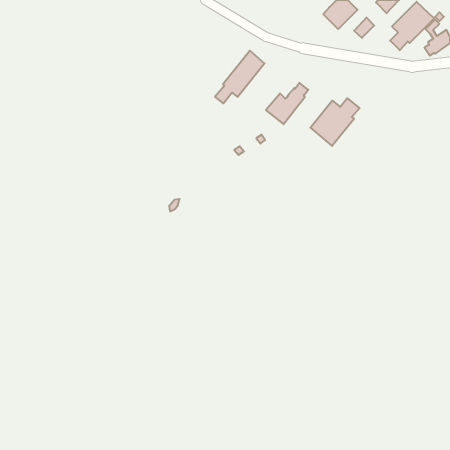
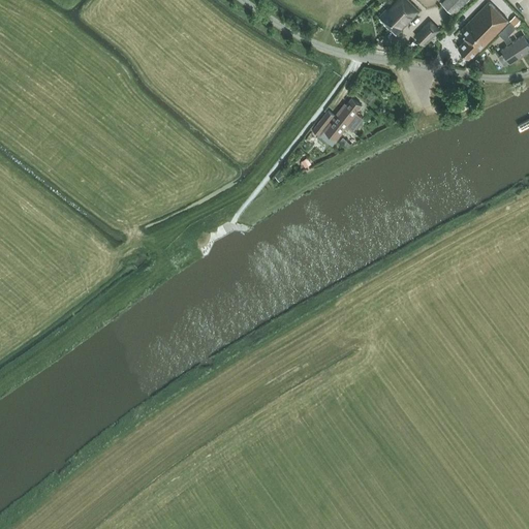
building: [215,51,265,103] -> none
building: [310,98,360,146] -> none

